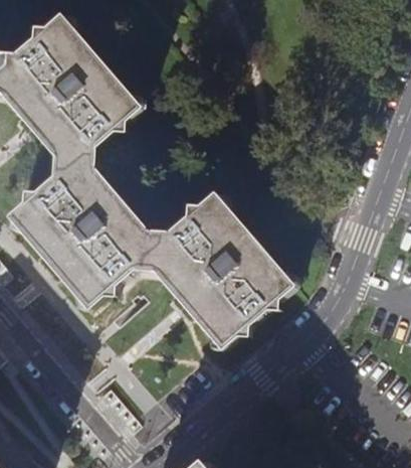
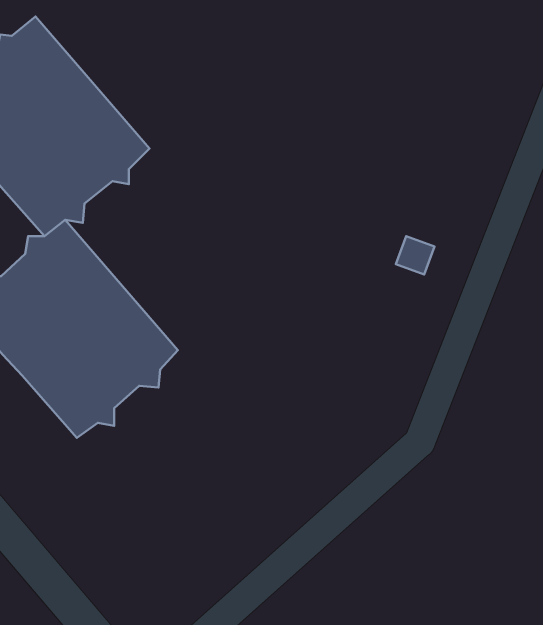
building: [145,194,289,343] -> none

